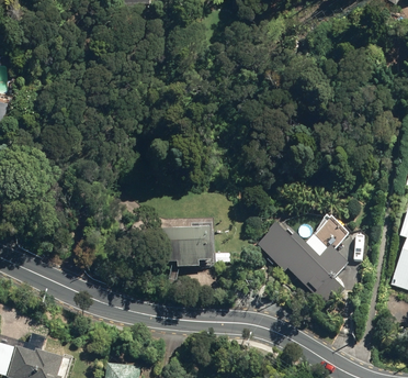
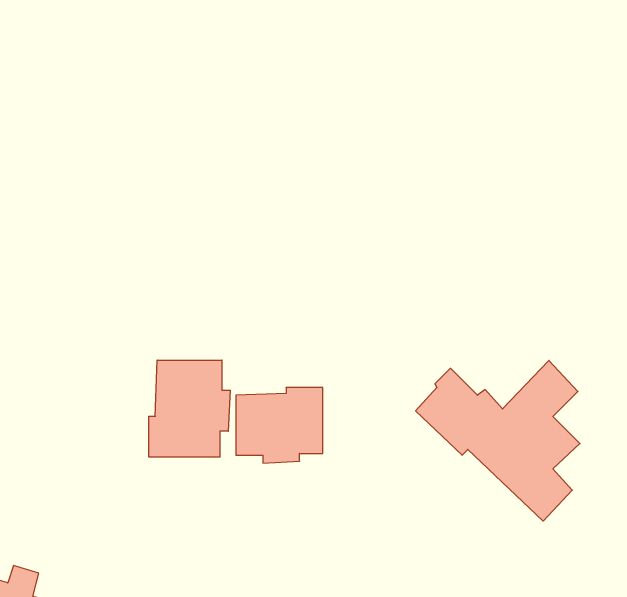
building: none -> [149,360,230,457]

